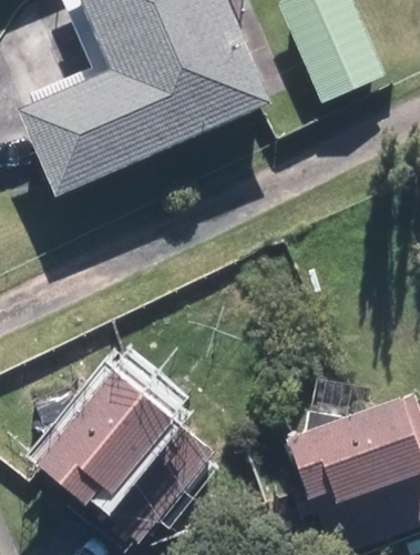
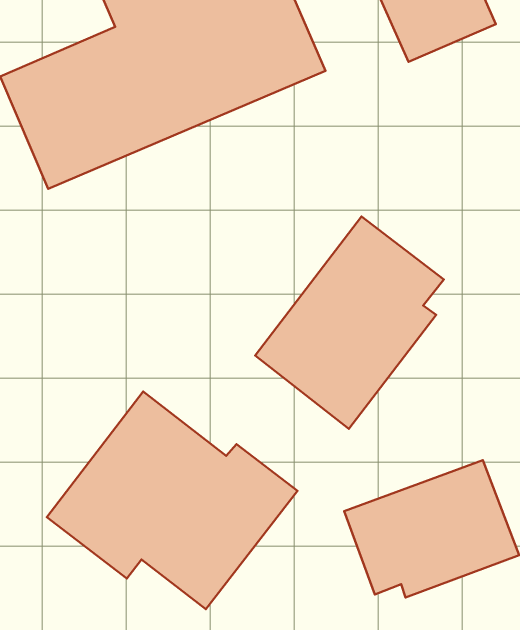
building: none -> [255,216,444,429]

